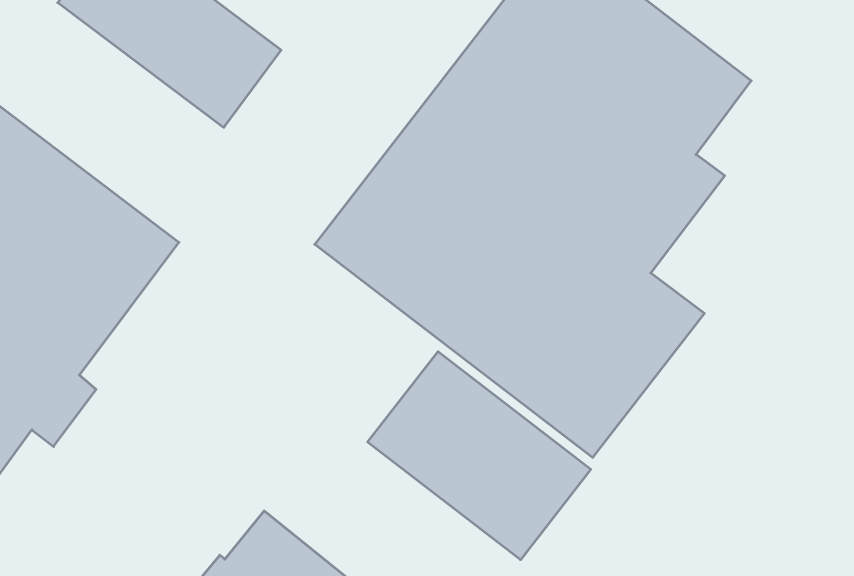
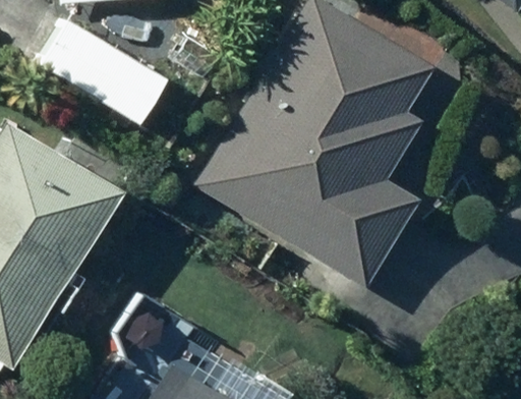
building: [368,352,591,560] -> none

